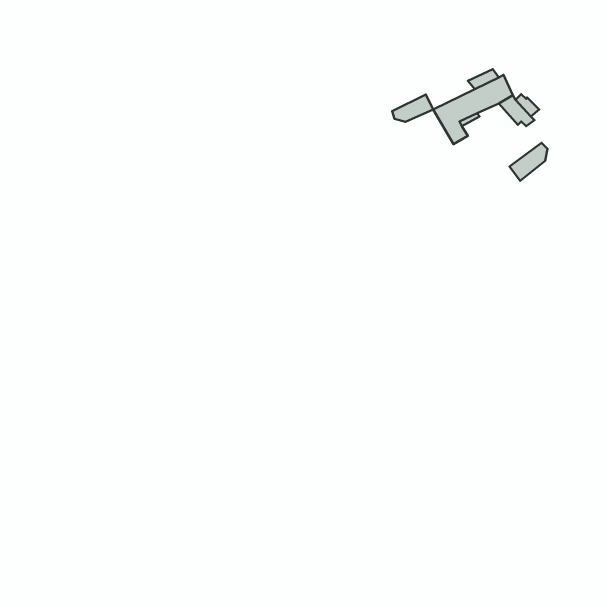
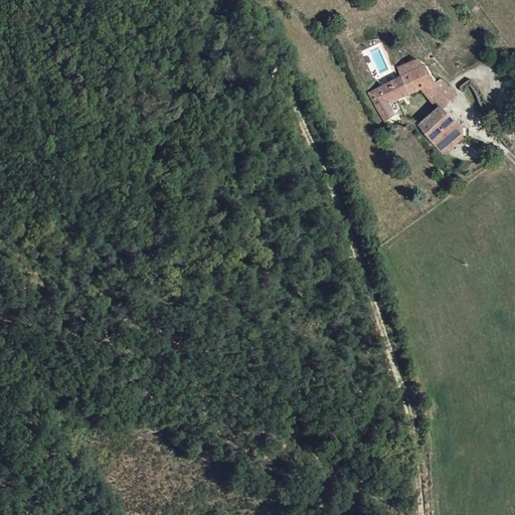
building: [392,95,433,122] -> none
building: none -> [417,103,458,141]

